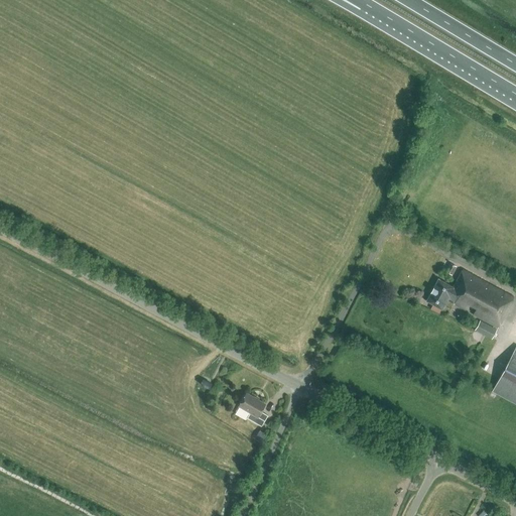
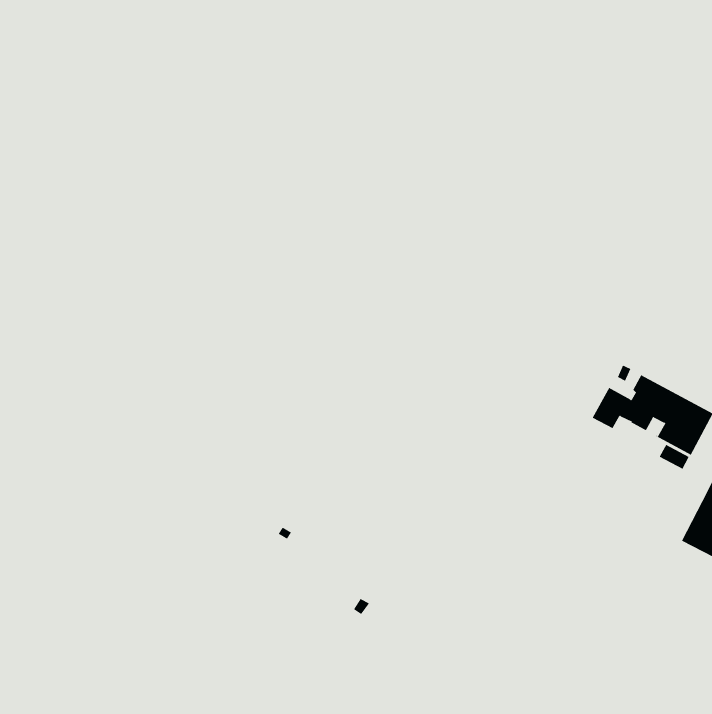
building: [238,393,268,426] -> none

